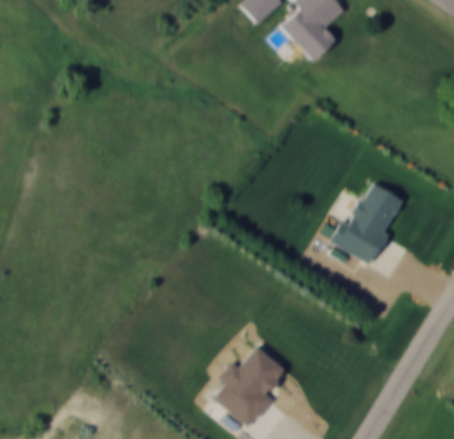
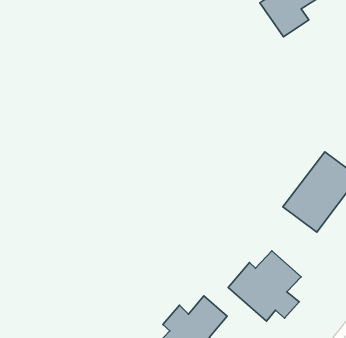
building: none -> [228,251,301,321]

